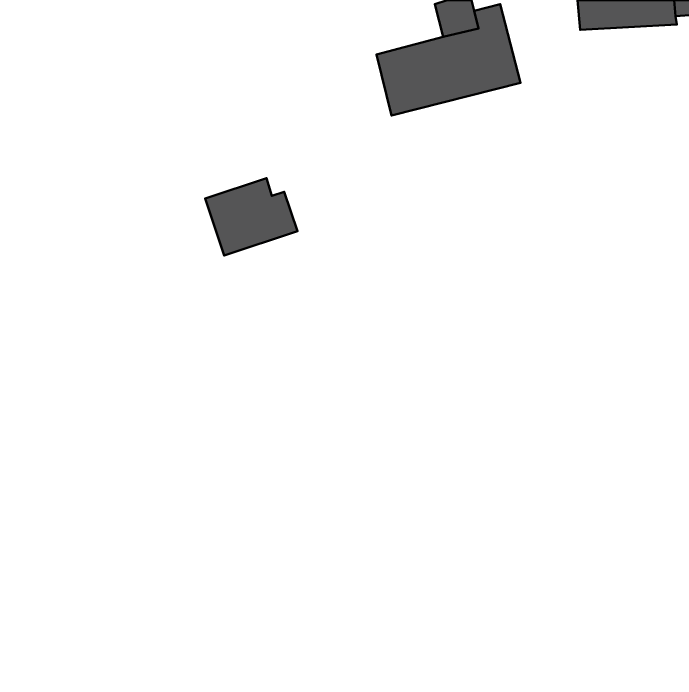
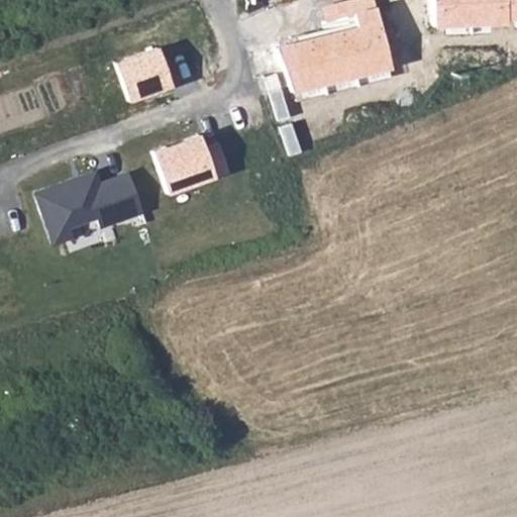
building: none -> [118,46,174,100]
building: none -> [45,171,147,239]

